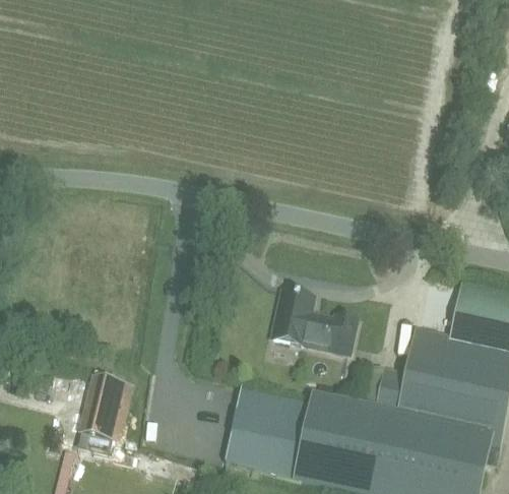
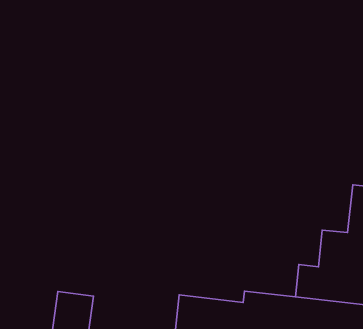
building: [274,289,357,351] -> none

